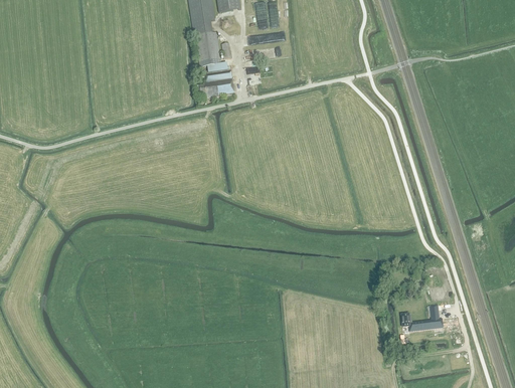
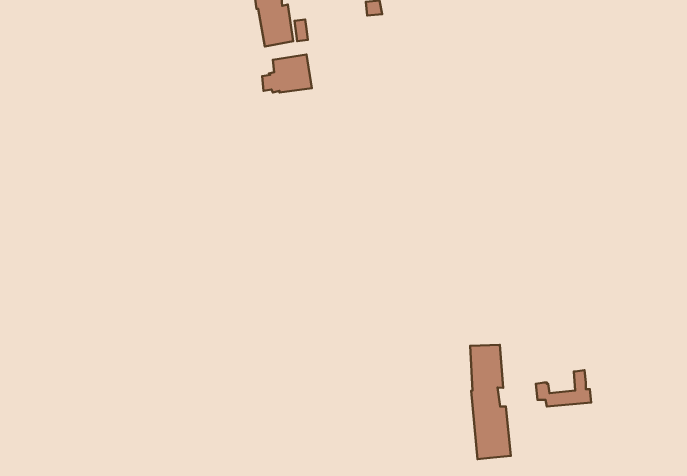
building: none -> [470,345,511,459]

